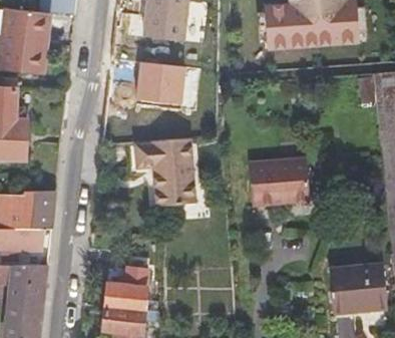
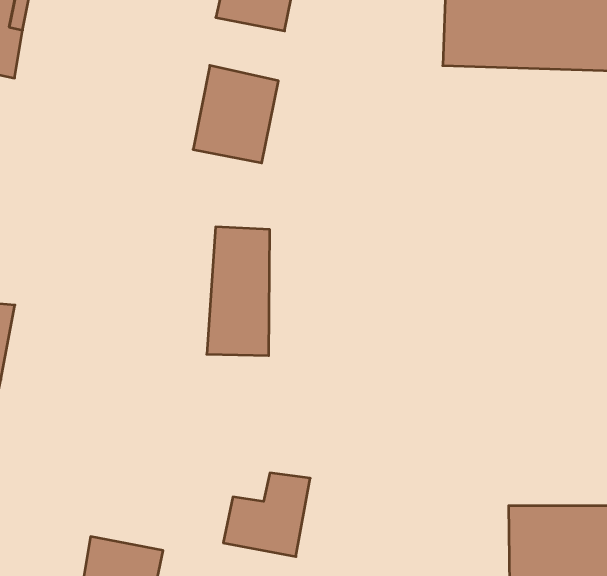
building: [127,141,157,208] -> none
building: [249,162,321,203] -> none
building: [105,269,147,311] -> [223,473,310,557]

